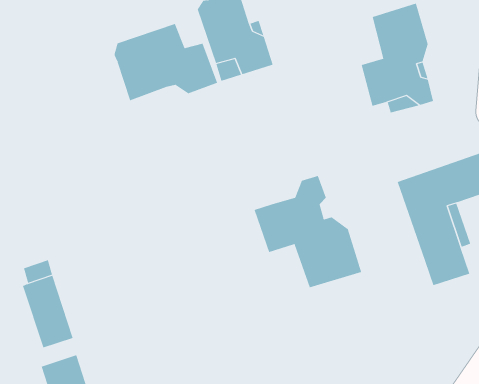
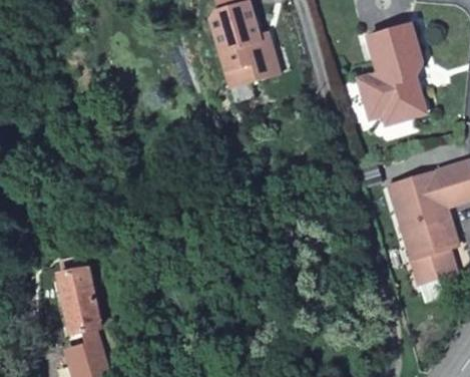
building: [114,23,218,101] -> none
building: [254,175,362,288] -> none

